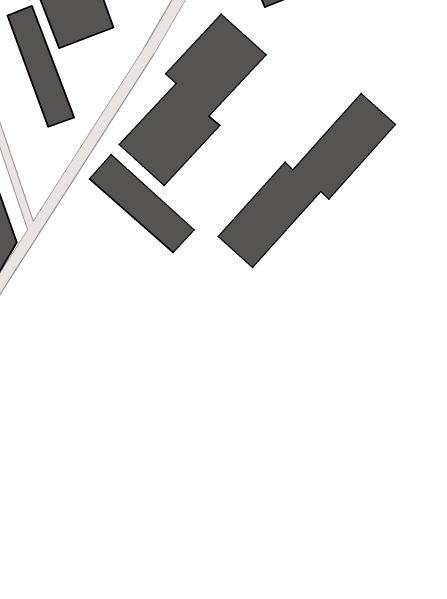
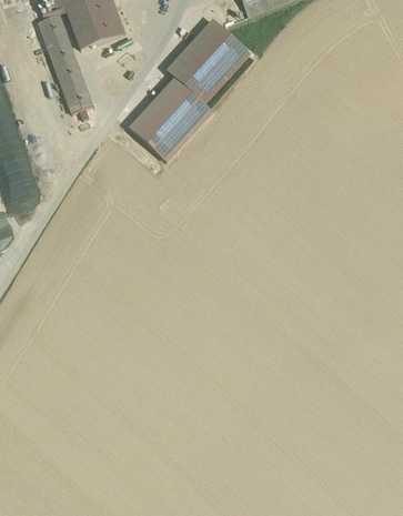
building: [218,94,395,268] -> none
building: [89,154,194,253] -> none

